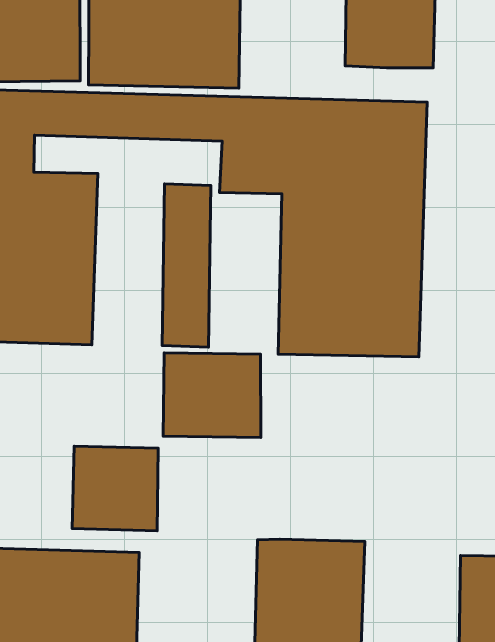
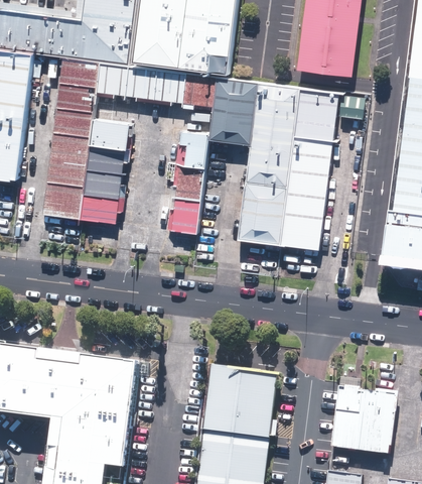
building: [163,353,261,437] -> none
building: [72,446,158,531] -> none

